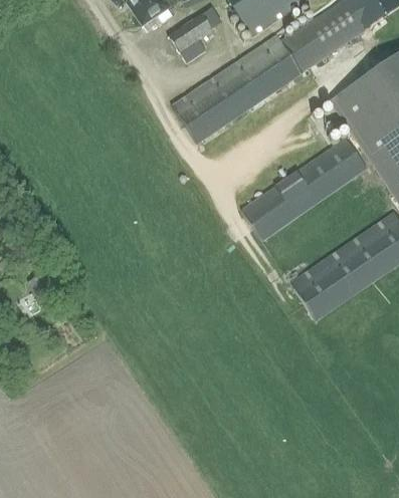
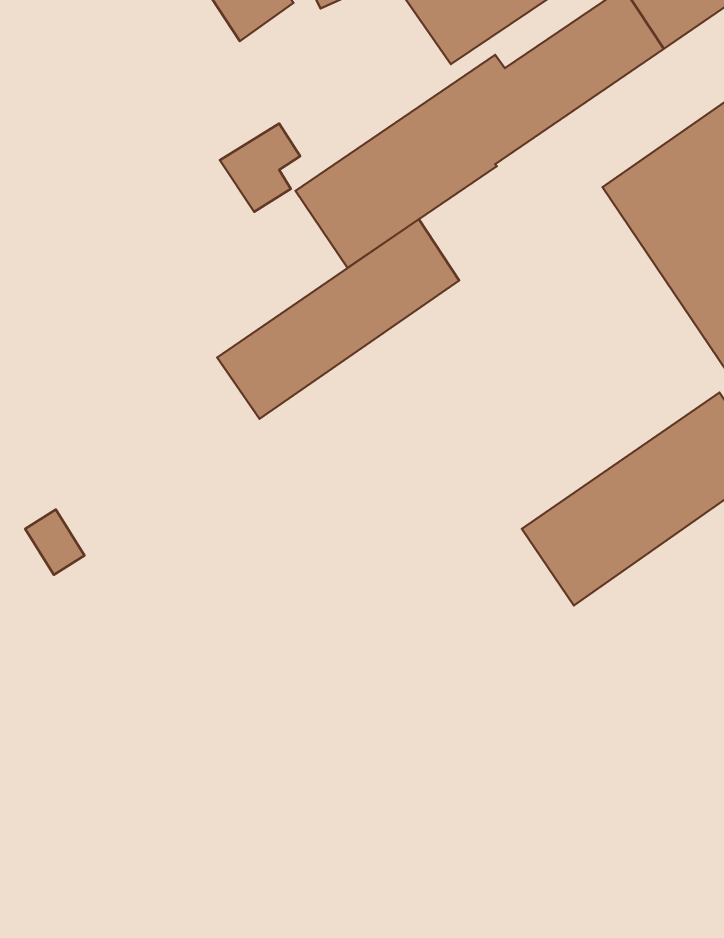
building: [170,14,212,60] -> [220,124,300,212]
building: [240,136,367,240] -> [217,219,459,419]

